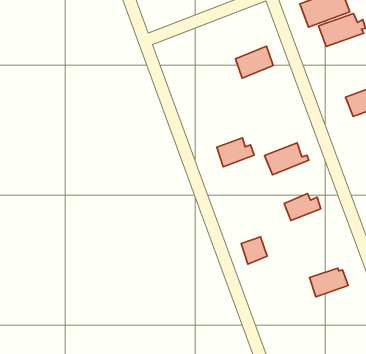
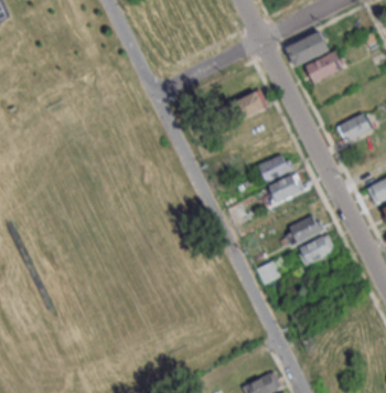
building: [217,138,254,167] -> [258,153,292,181]
building: [309,268,348,297] -> [298,235,333,263]

